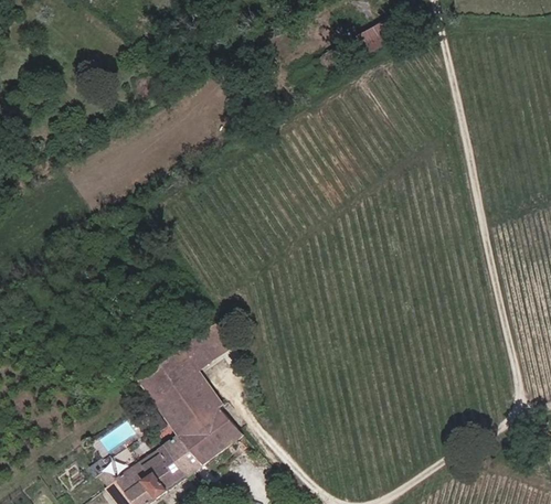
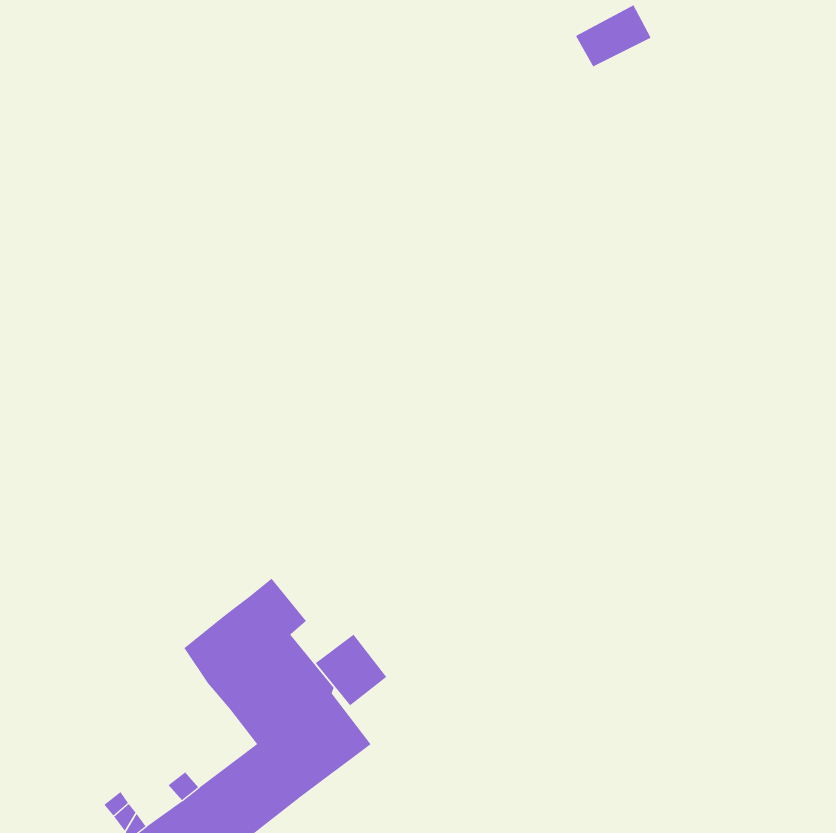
building: [187,323,227,364] -> [315,634,387,706]

